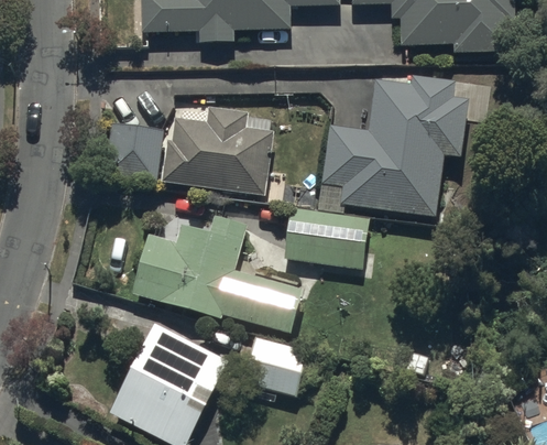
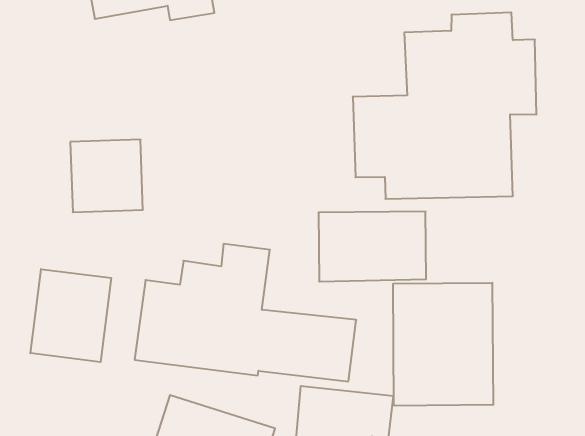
building: [160,106,272,194] -> none
building: none -> [30,269,111,362]
building: none -> [393,283,493,406]

